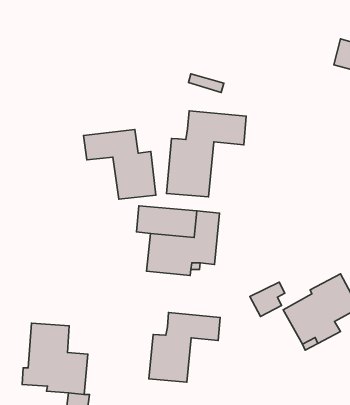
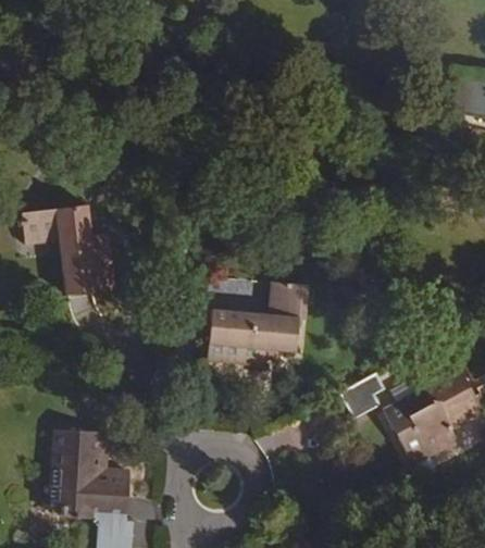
building: [166,111,246,197] -> none
building: [84,130,156,199] -> [23,205,116,296]
building: [149,312,220,382] -> none

